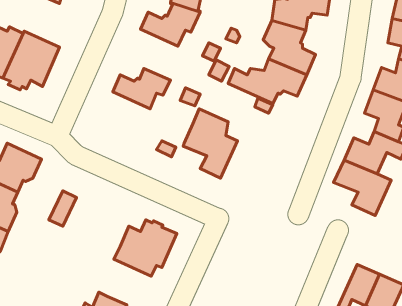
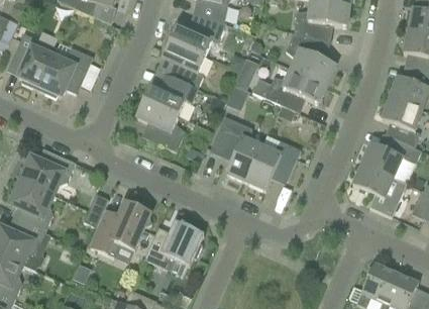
building: none -> [163,39,205,88]
building: none -> [136,99,185,151]
building: none -> [245,140,301,190]
building: none -> [90,201,150,256]

